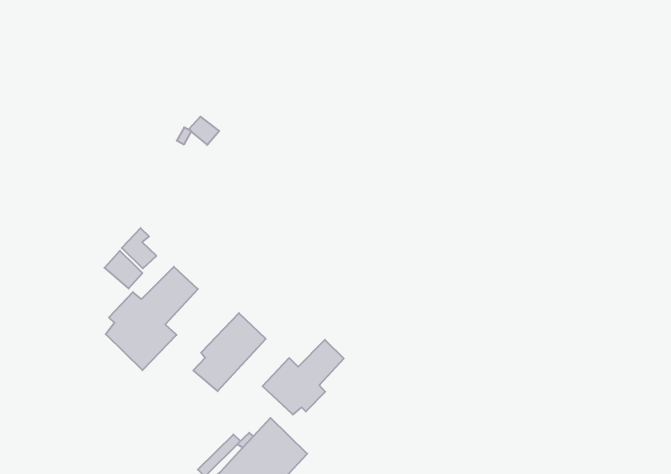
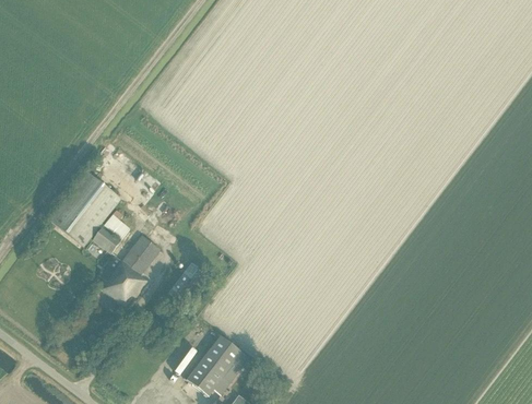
building: none -> [49,170,122,247]
building: [263,340,344,415] -> none

